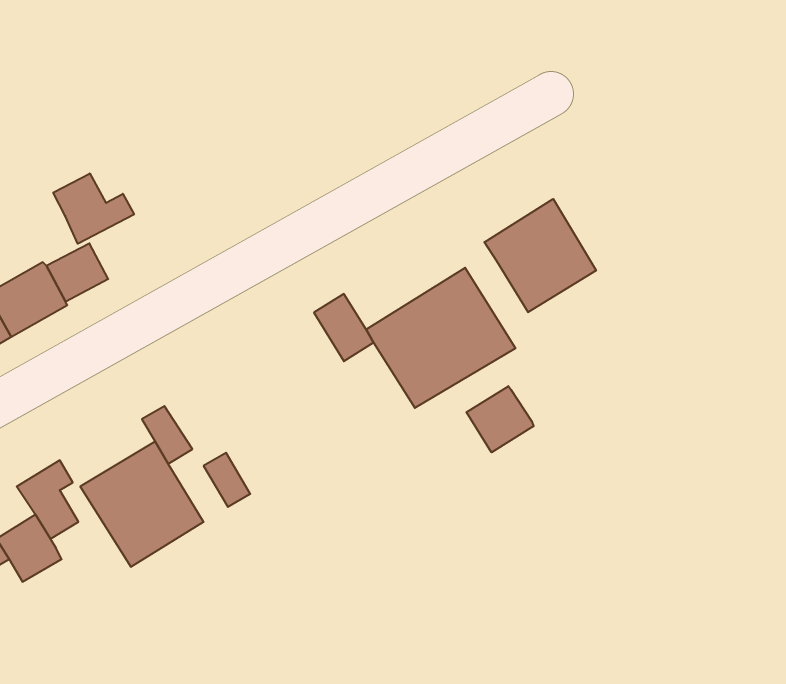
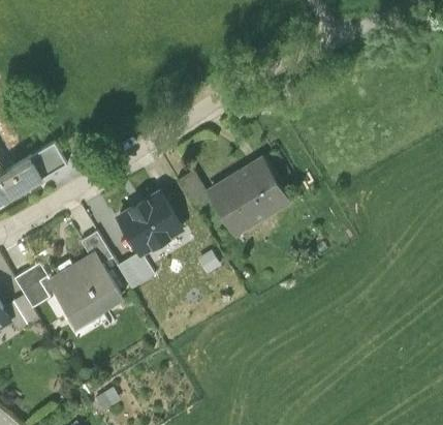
building: [53,173,134,244] -> none
building: [484,199,596,312] -> none
building: none -> [119,191,182,253]
building: [466,386,534,452] -> none

